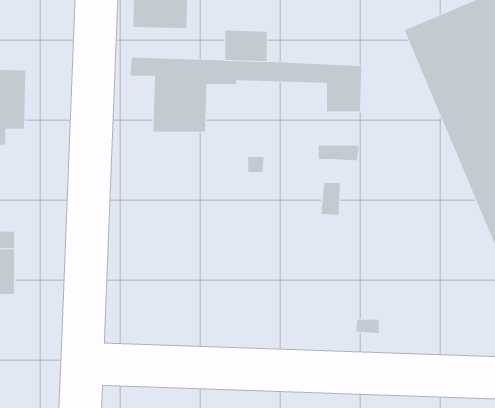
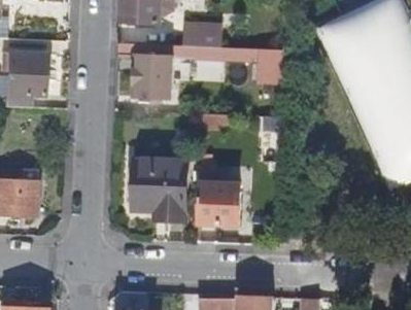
building: none -> [133,157,190,220]
building: none -> [201,182,242,223]

